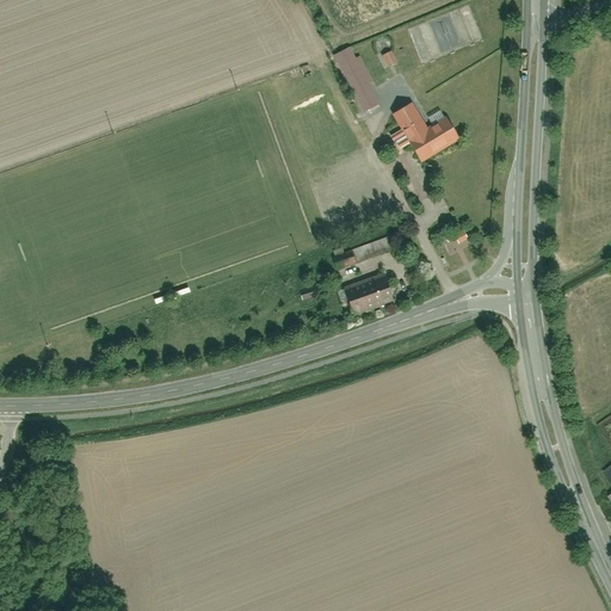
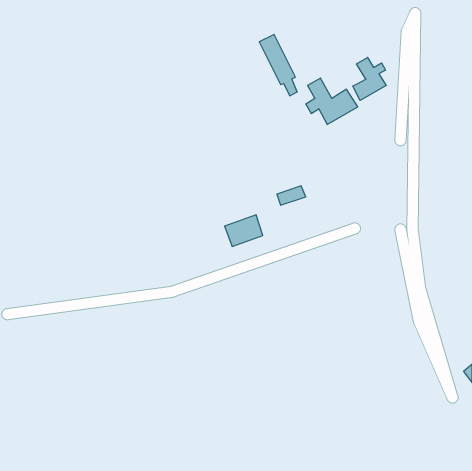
building: none -> [353,57,386,100]
building: [344,272,393,313] -> [225,215,263,246]

